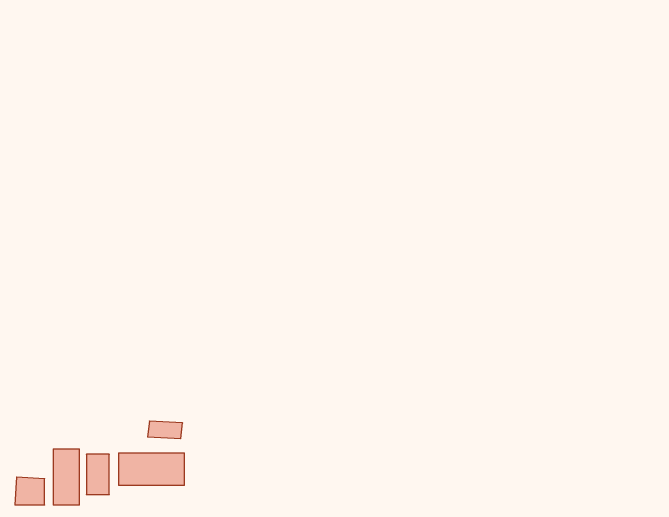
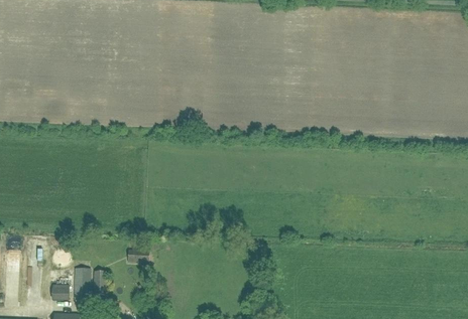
building: [119,453,184,485] -> none

